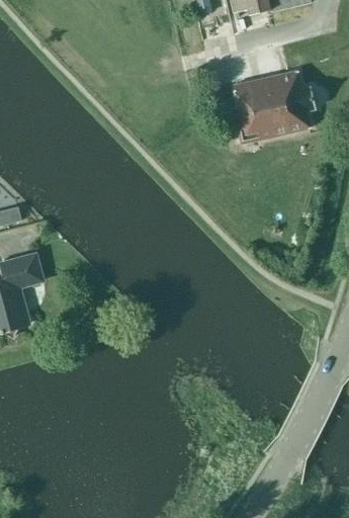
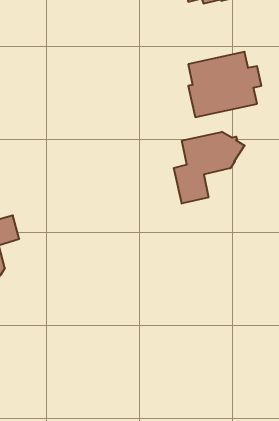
building: none -> [174,132,245,204]

